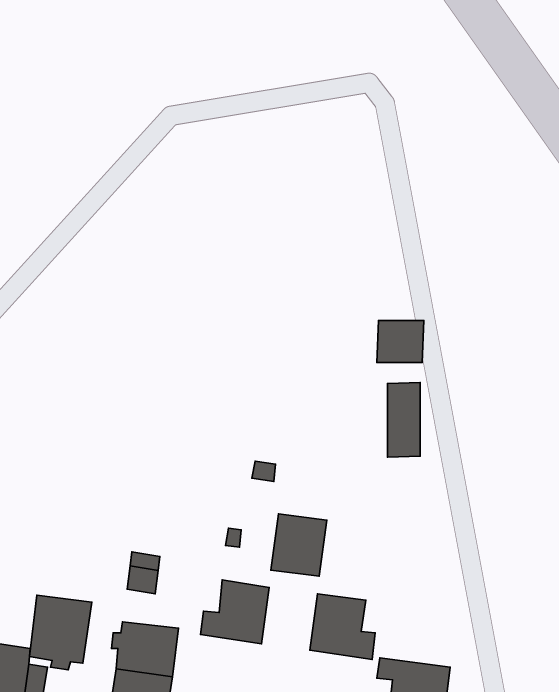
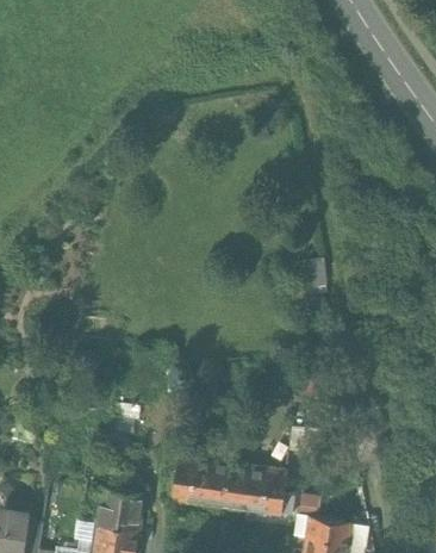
building: [388,383,420,457] -> none
building: [271,514,327,576] -> [207,462,250,510]
building: [29,595,92,670] -> none

